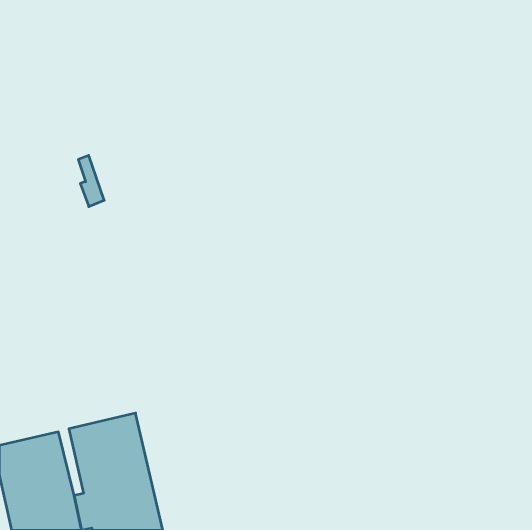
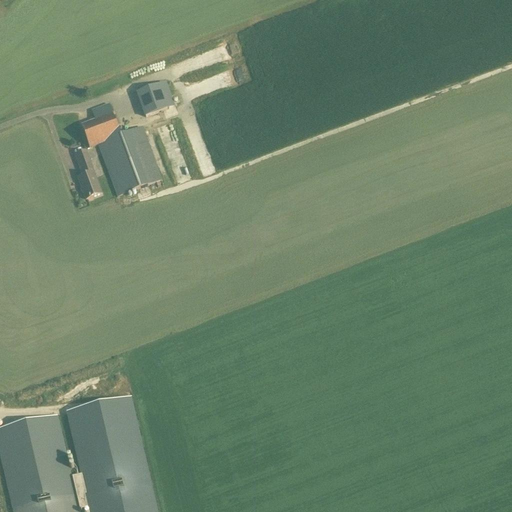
building: none -> [137,83,168,115]
building: none -> [80,102,161,195]

